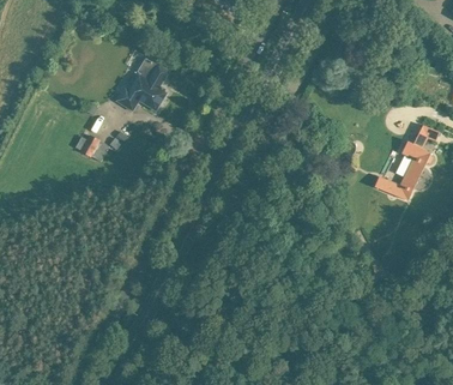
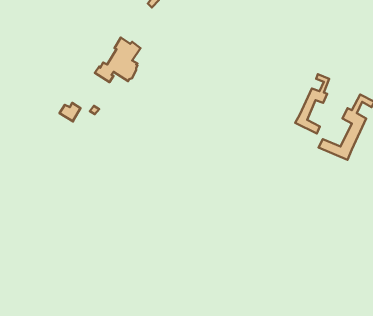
building: none -> [295,74,329,134]

